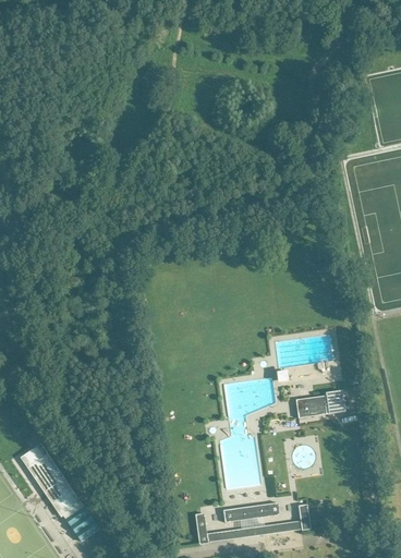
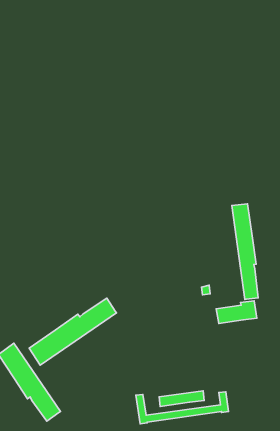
building: none -> [232,204,258,300]
building: none -> [29,298,117,365]

